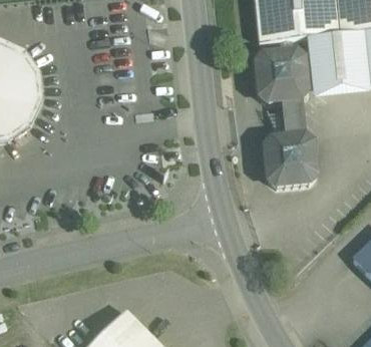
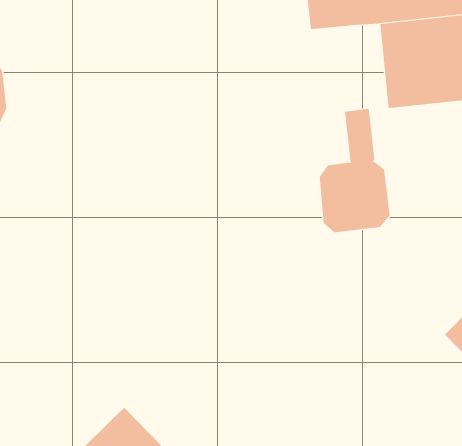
building: [255,39,306,102] -> none

